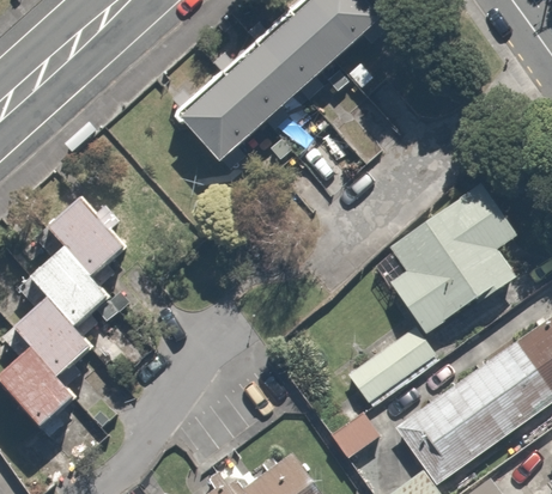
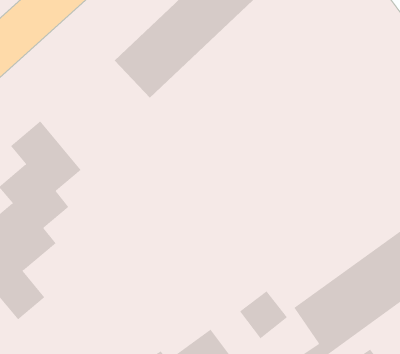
building: [389,184,516,340] -> none
building: [356,336,436,409] -> none

